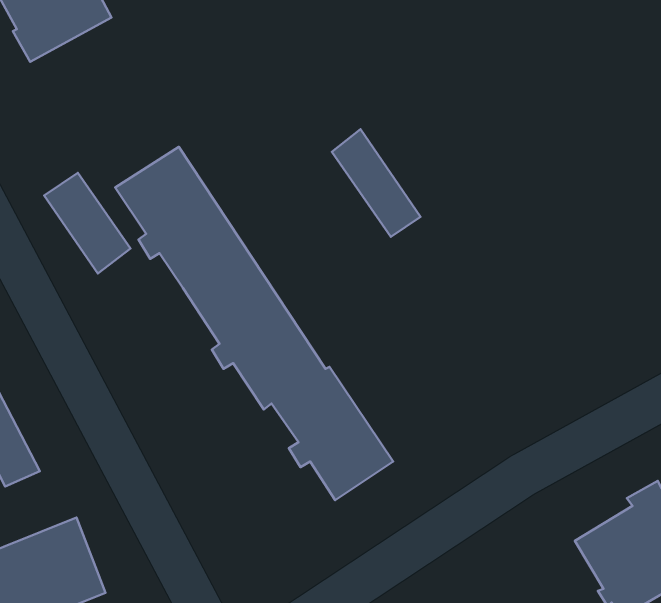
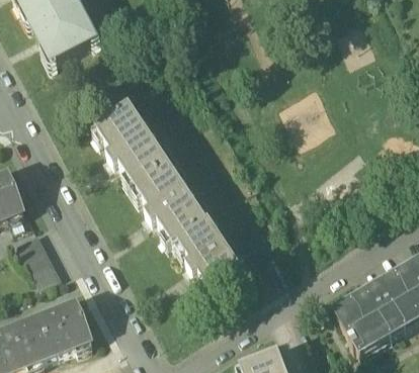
building: [332,129,420,237] -> none
building: [44,173,131,274] -> none

